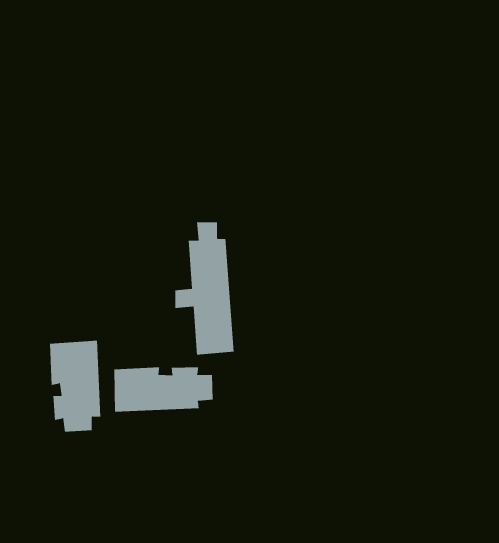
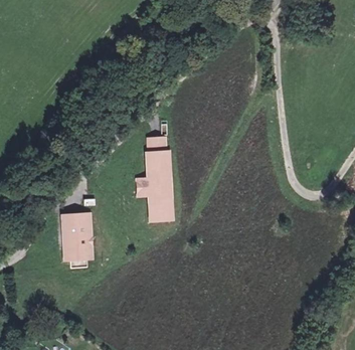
building: [114,367,213,413] -> none

